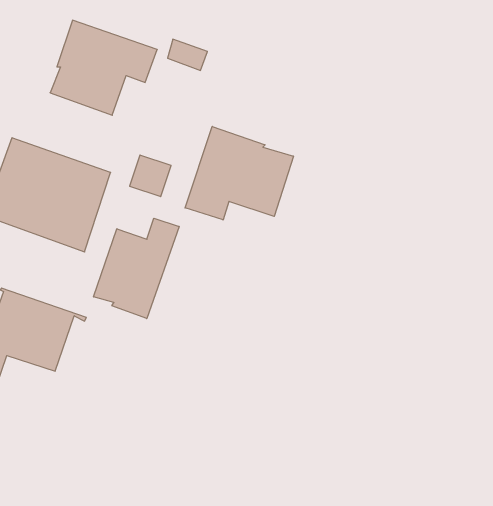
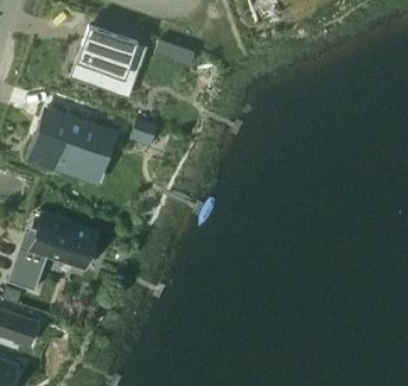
building: [185,126,293,220] -> none
building: [94,218,179,319] -> none

